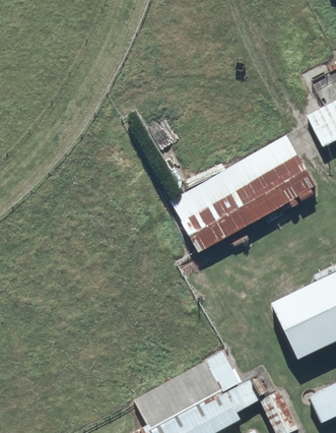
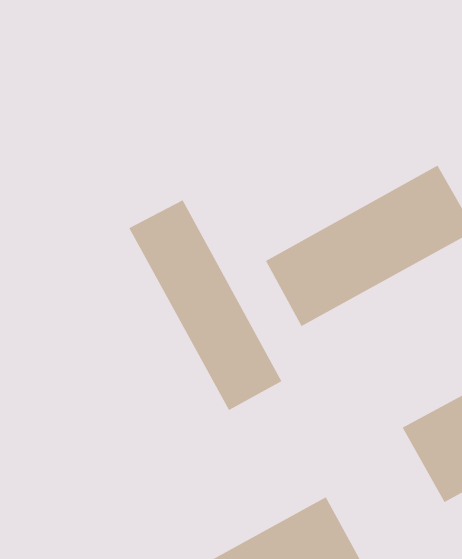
building: none -> [129,200,282,411]

